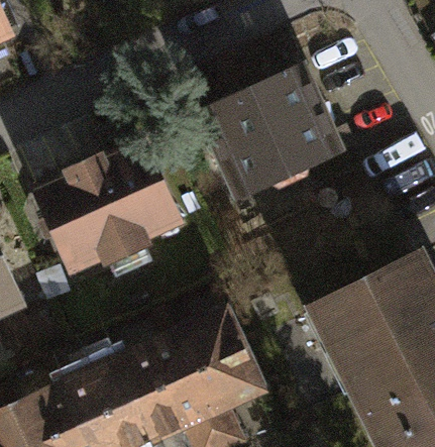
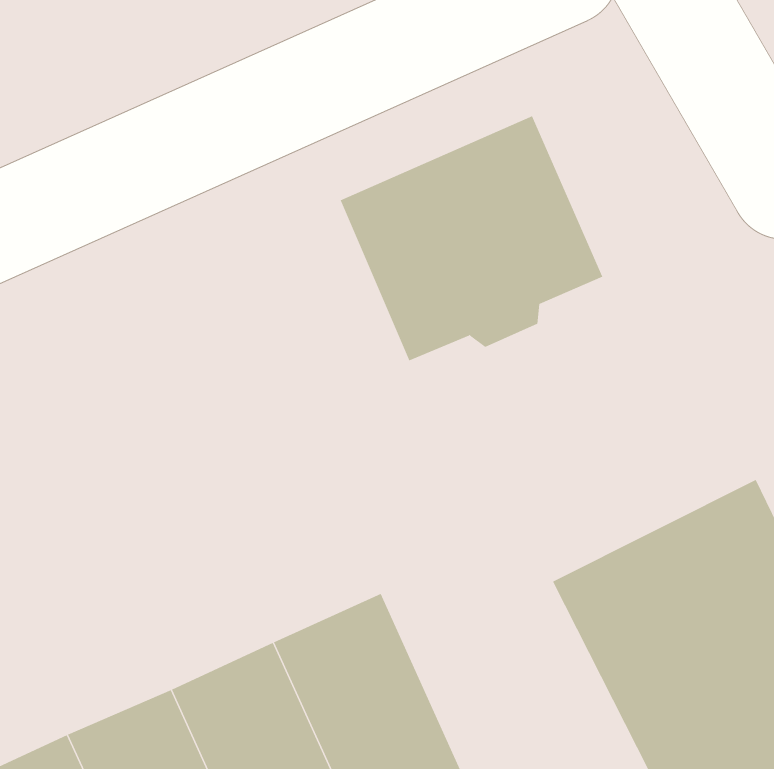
building: [40,141,179,268] -> none

